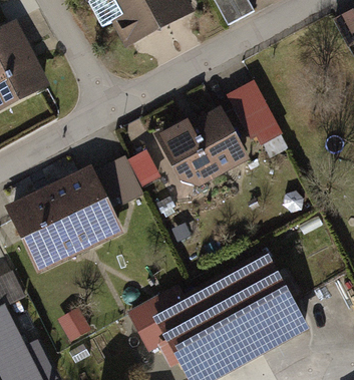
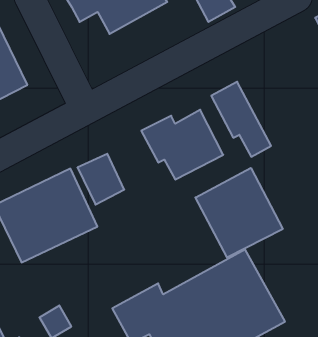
building: none -> [195,168,283,258]

